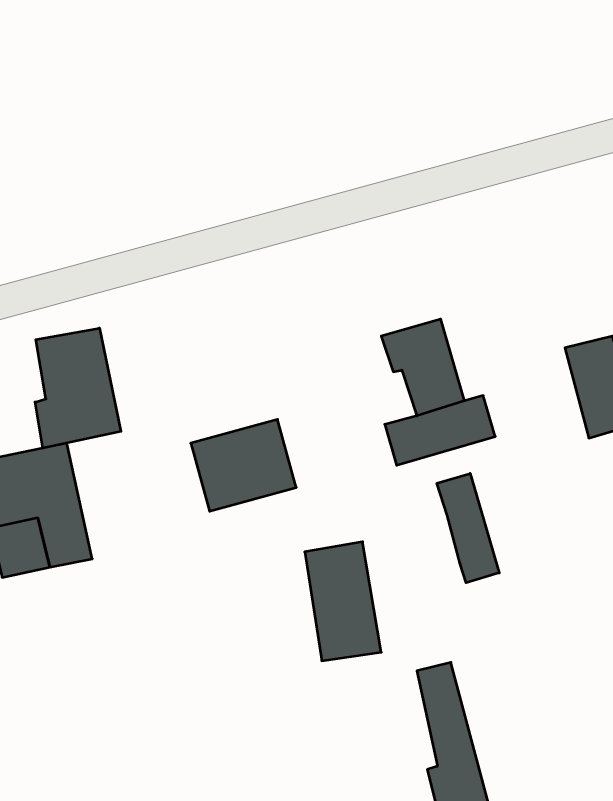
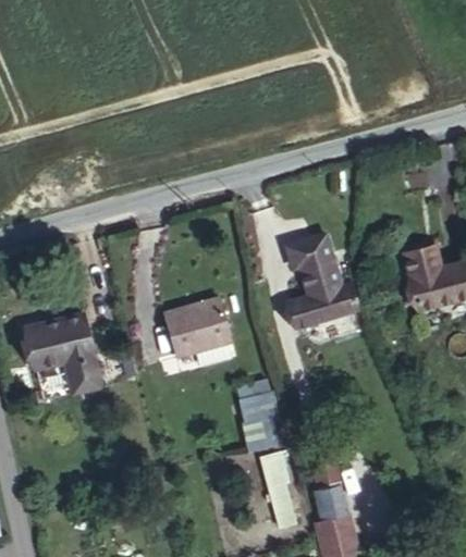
building: [35,328,121,448] -> none
building: [437,473,499,583] -> none
building: none -> [261,451,299,529]

